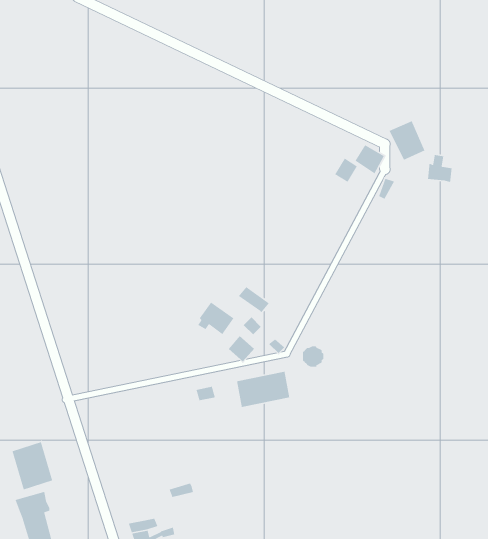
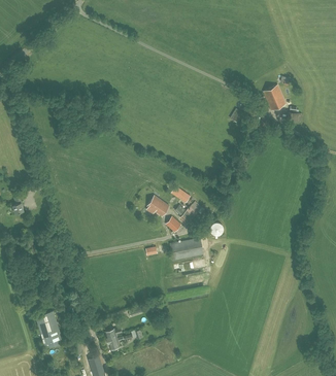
building: [11,441,53,490] -> none

